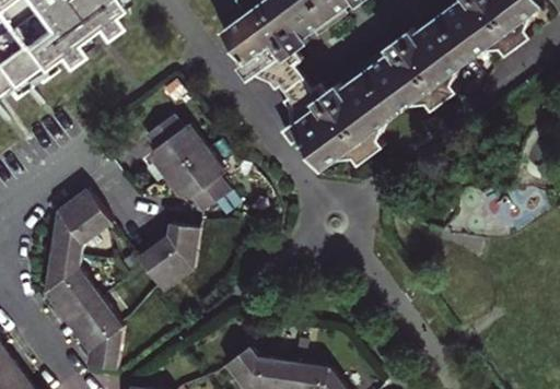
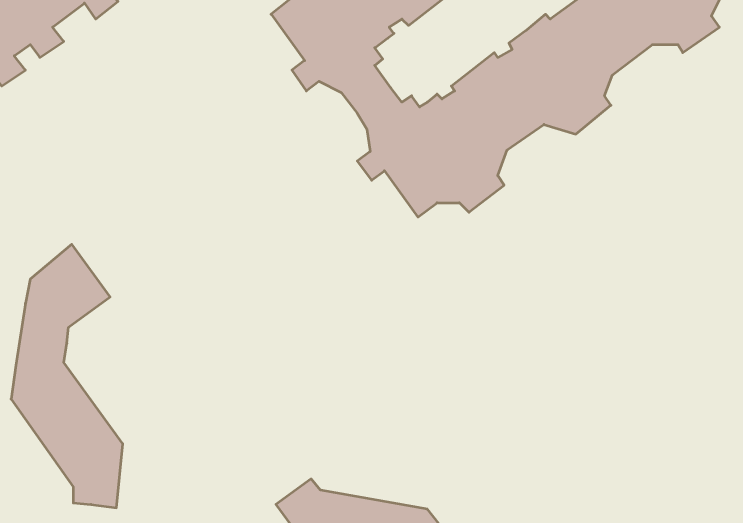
building: [144,116,230,212] -> none
building: [139,225,200,292] -> none

